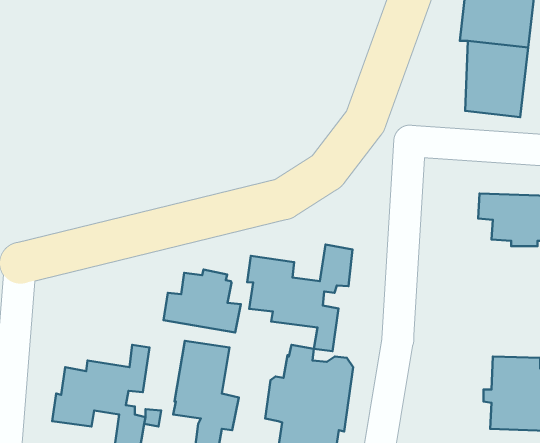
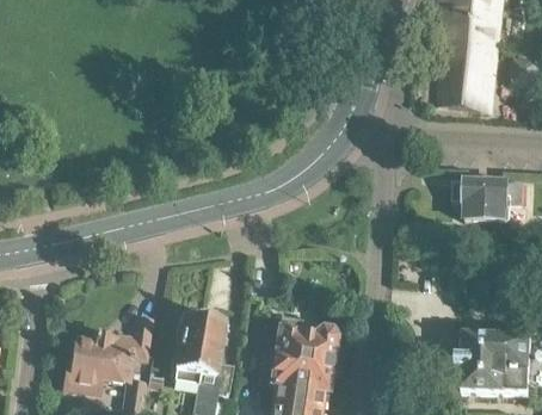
building: [247,245,353,351] -> none
building: [164,270,241,333] -> none

